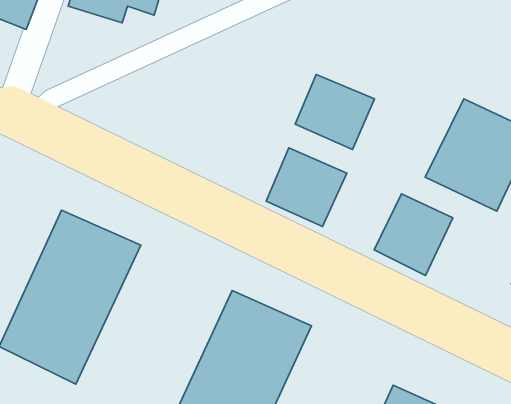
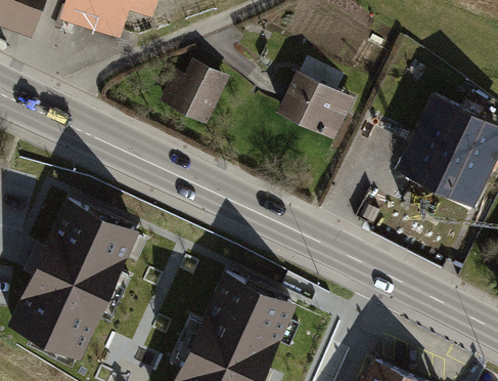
building: none -> [157,56,226,124]
building: [266,148,347,226] -> none
building: [374,194,453,275] -> none

